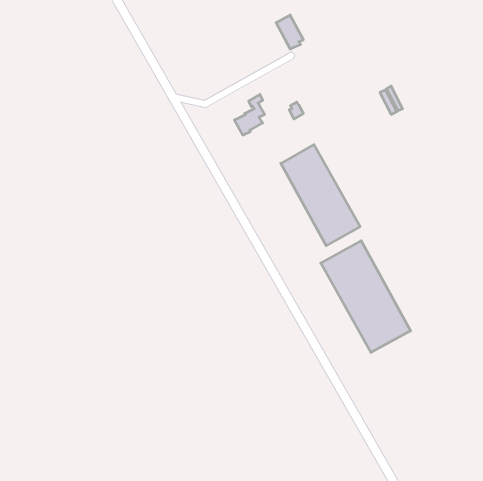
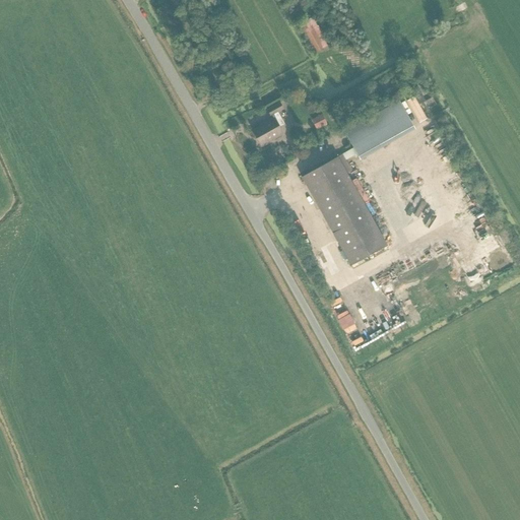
building: none -> [343,99,414,158]
building: [321,241,411,352] -> none

